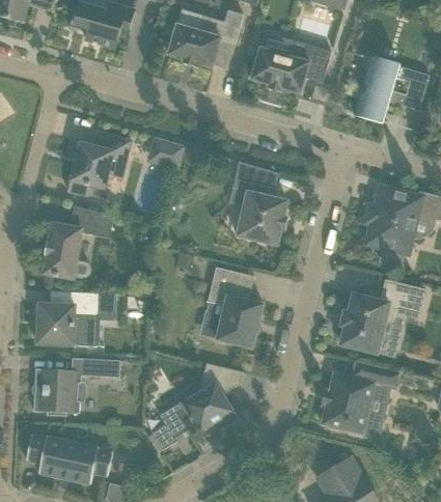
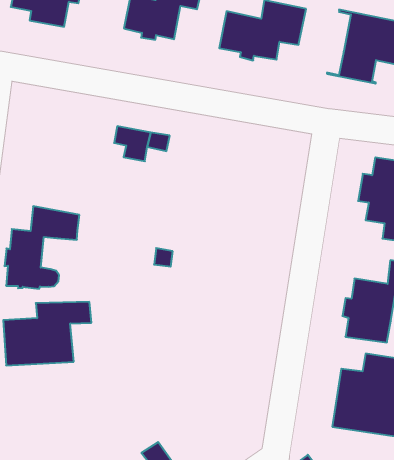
building: [66,132,131,195] -> none
building: [228,161,286,245] -> none
building: [206,267,263,347] -> none
building: [33,358,119,415] -> none
building: [183,362,242,436] -> none

